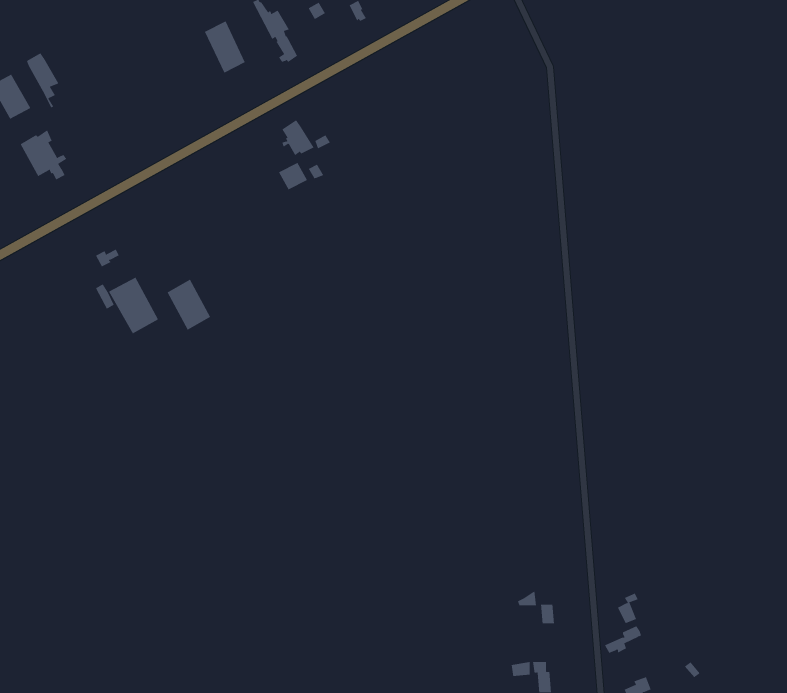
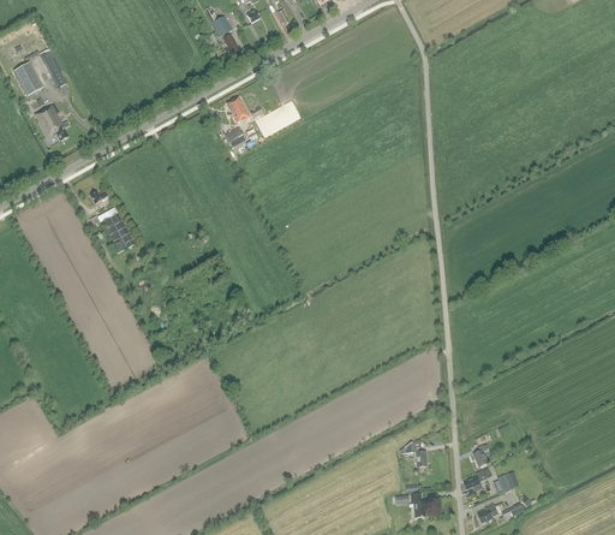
building: [204,21,246,74] -> none
building: [167,279,211,330] -> none

